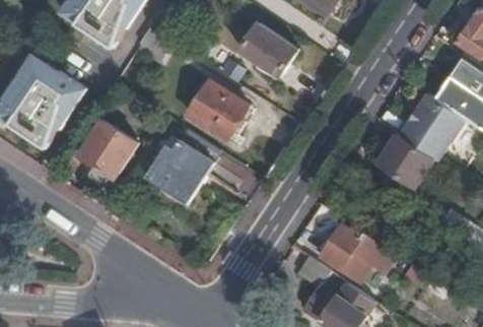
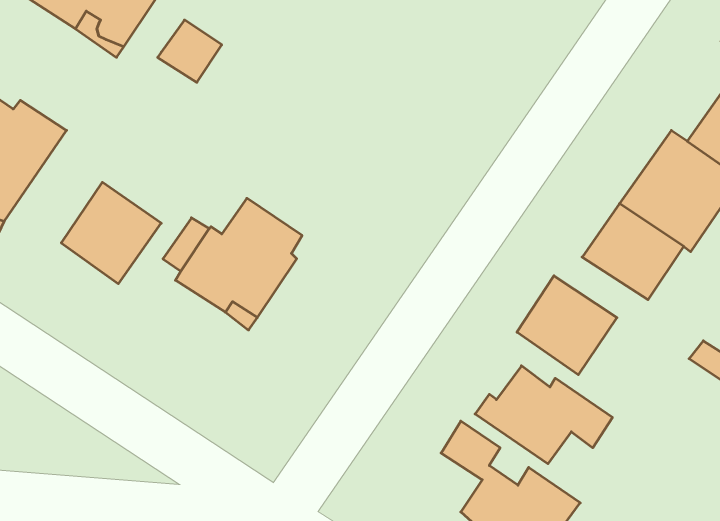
building: [238,23,297,78] -> none
building: [188,80,249,138] -> none
building: none -> [517,276,617,375]

